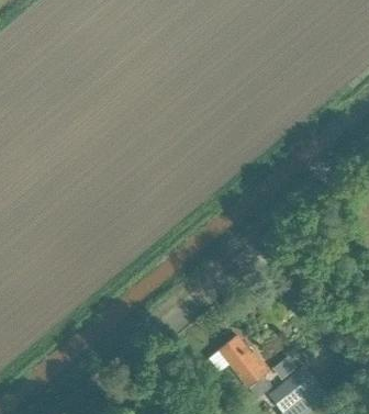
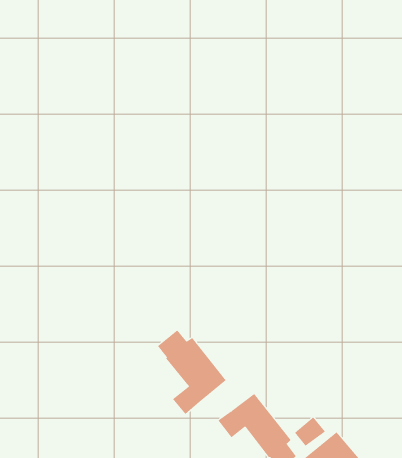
building: none -> [157,329,227,415]

